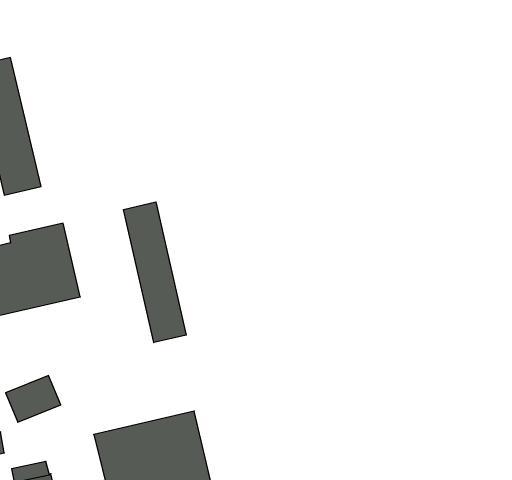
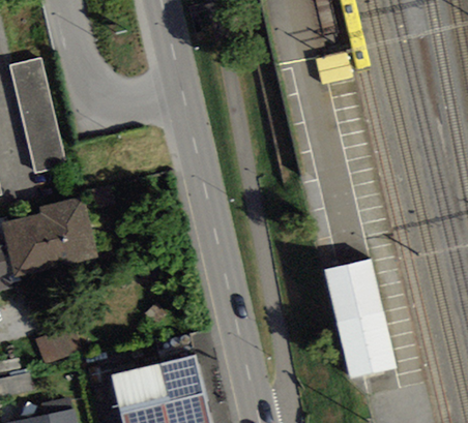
building: [124,202,186,343] -> none
building: none -> [323,255,397,376]

